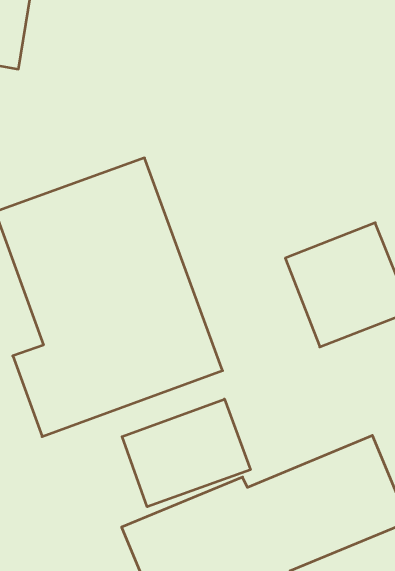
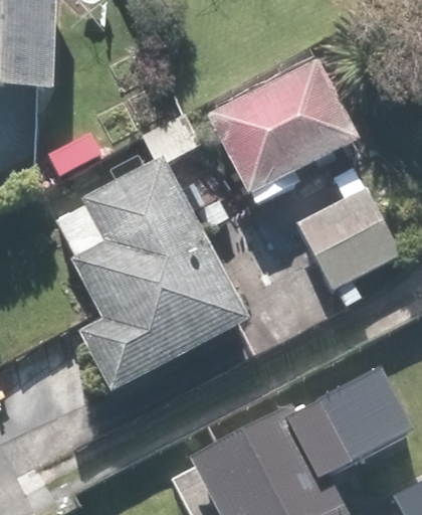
building: none -> [208,59,358,197]
building: [122,399,250,507] -> none

